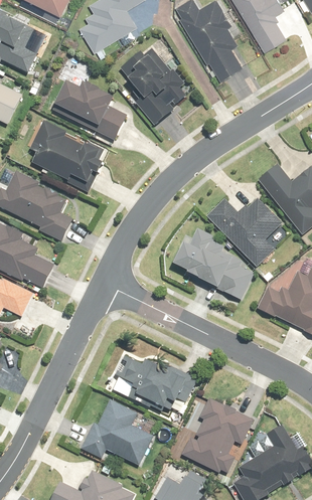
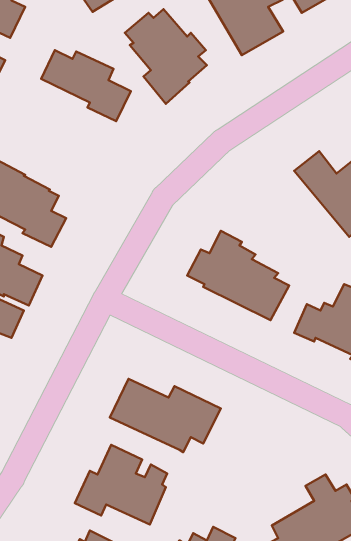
building: [30,118,109,190] -> none
building: [206,198,281,266] -> none
building: [180,397,254,474] -> none

